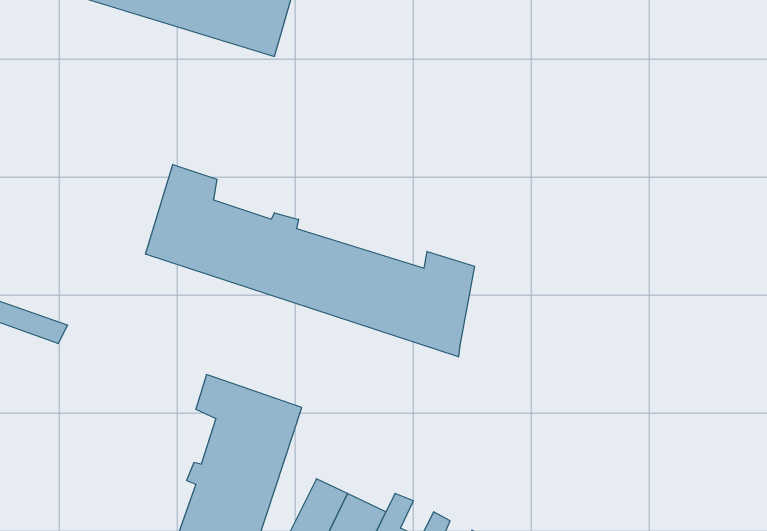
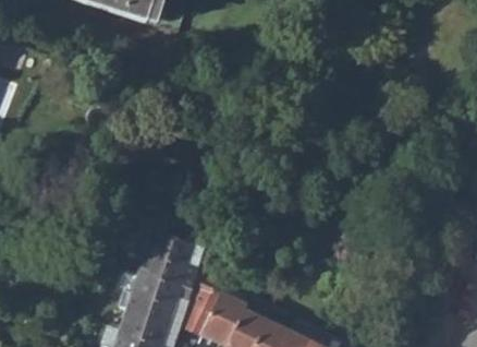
building: [146,164,474,357] -> none

